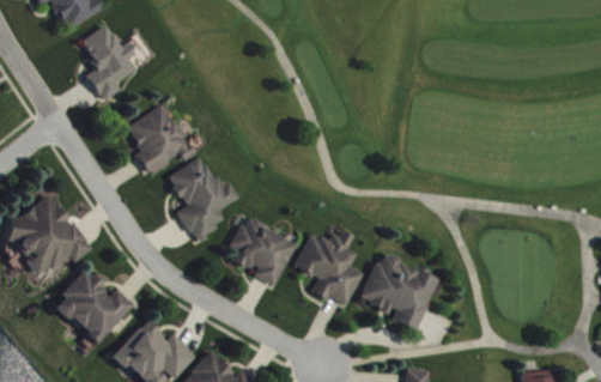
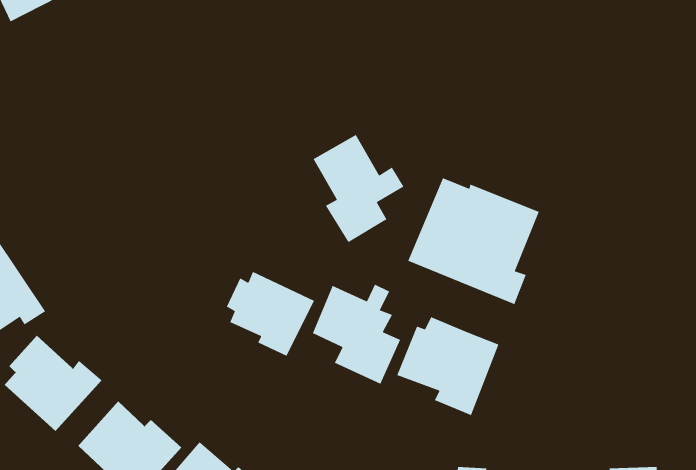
building: [79,25,135,102] -> none
building: [126,104,192,175] -> none
building: none -> [407,177,540,305]
building: [166,157,237,241] -> [312,134,405,243]

